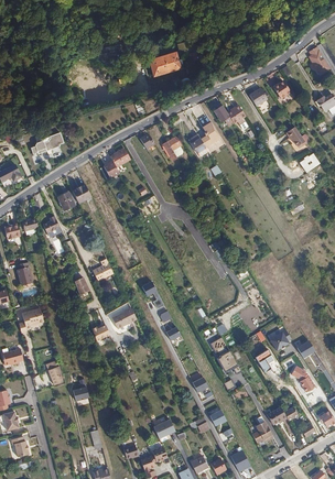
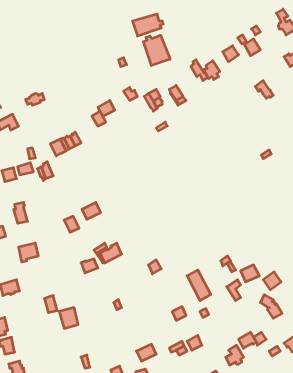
building: none -> [143,35,170,66]

